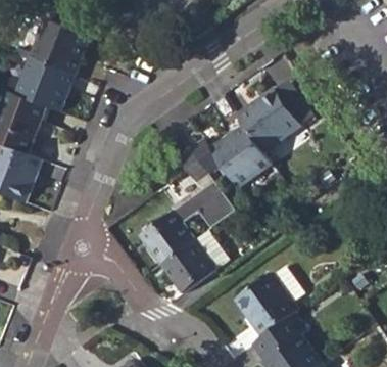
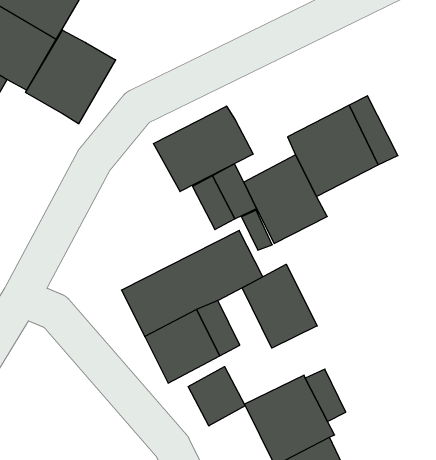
building: none -> [26,30,116,124]
building: none -> [153,106,253,192]
building: none -> [242,264,317,348]
building: none -> [188,367,245,426]

